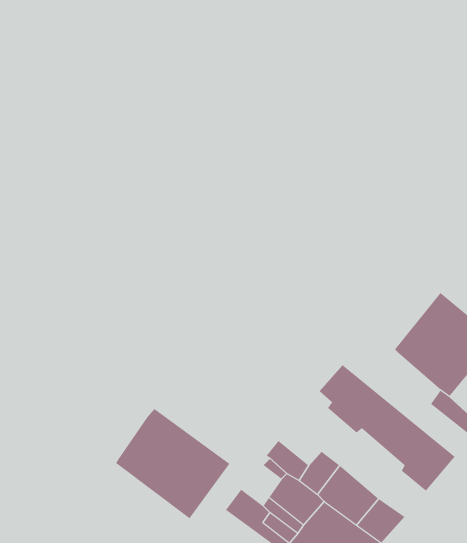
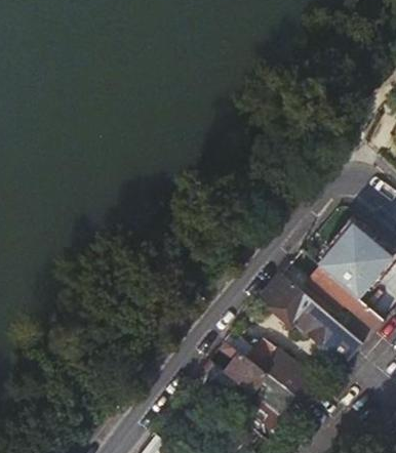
building: none -> [307,267,352,312]
building: [115,408,230,519] -> none

